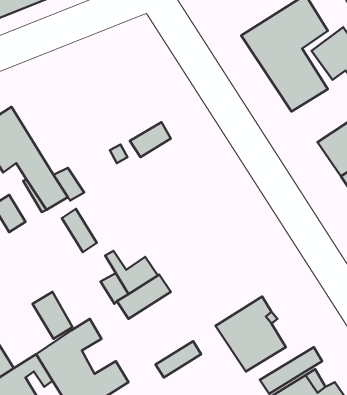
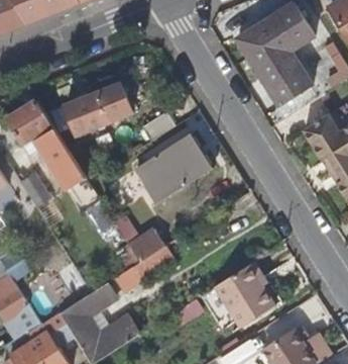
building: none -> [63,84,129,133]
building: none -> [136,134,212,202]

